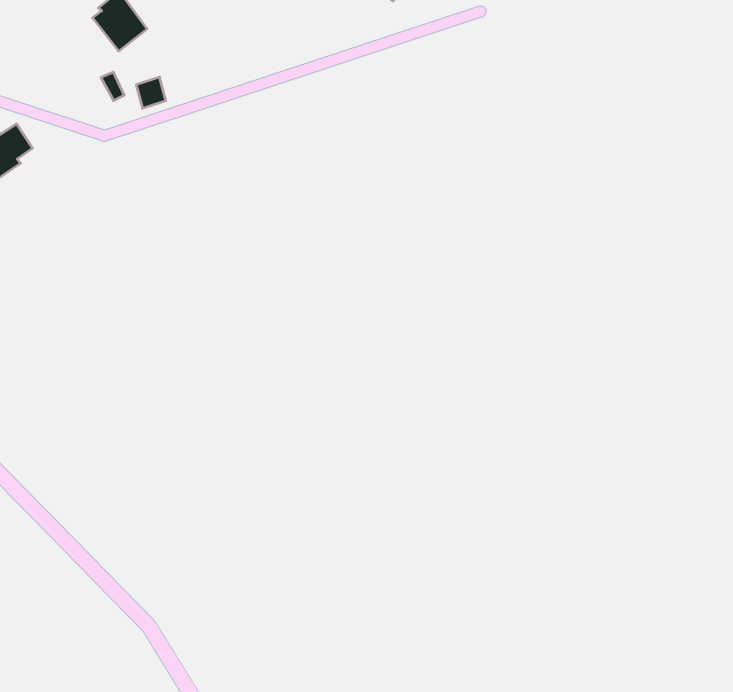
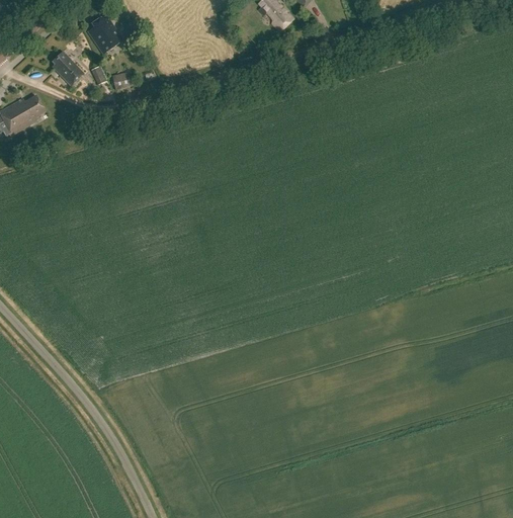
building: none -> [52,52,83,85]

